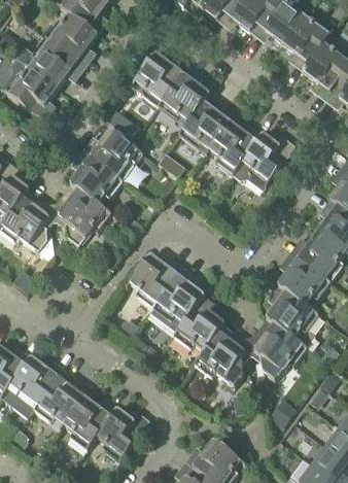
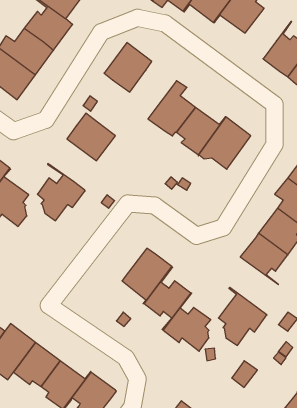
building: [284,14,334,69] -> none
building: [160,72,210,134] -> none
building: [71,156,124,202] -> none
building: [131,253,178,306] -> none
building: [268,283,320,346] -> none

